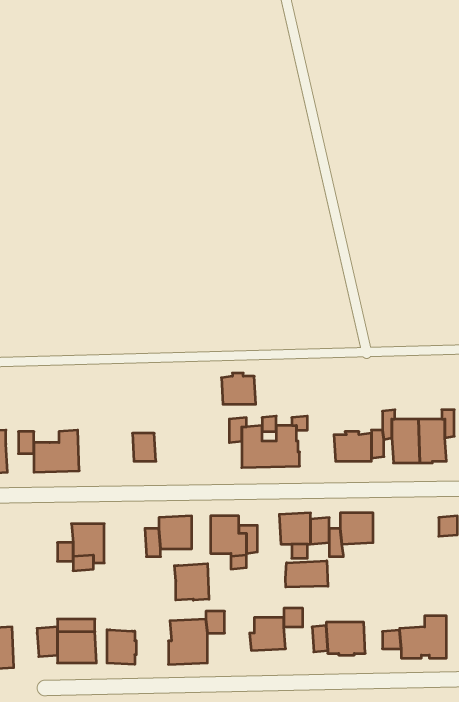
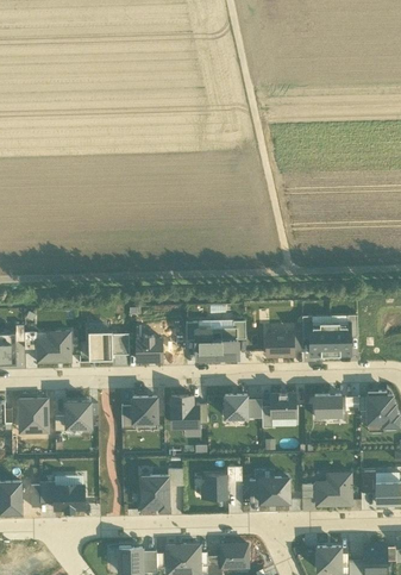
building: [221,373,256,404] -> [136,336,162,360]
building: none -> [87,331,112,360]
building: none -> [313,395,340,417]
building: none -> [18,400,46,433]
building: [285,561,328,587] -> none
building: [174,564,209,600] -> none
building: [107,630,136,664] -> none

